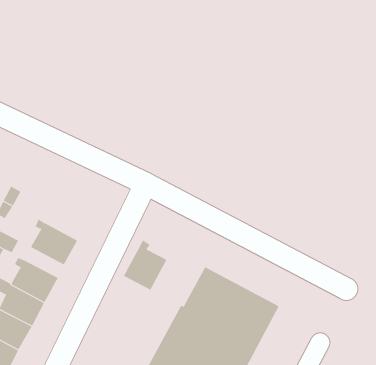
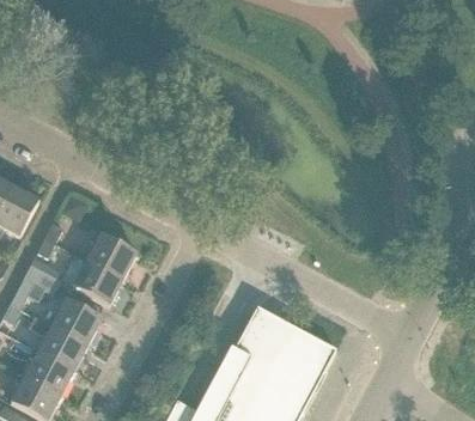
building: none -> [86,231,136,279]
building: [123,239,167,290] -> none

